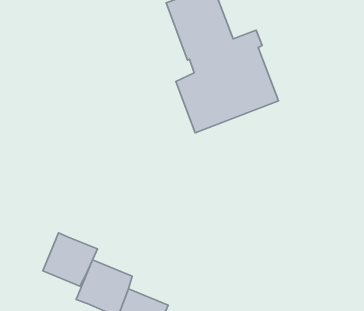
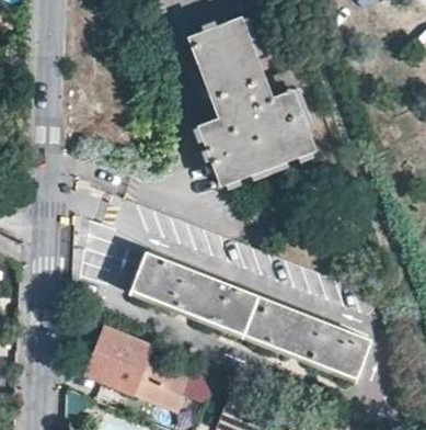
building: none -> [134,252,368,374]
building: [43,233,98,286] -> none

